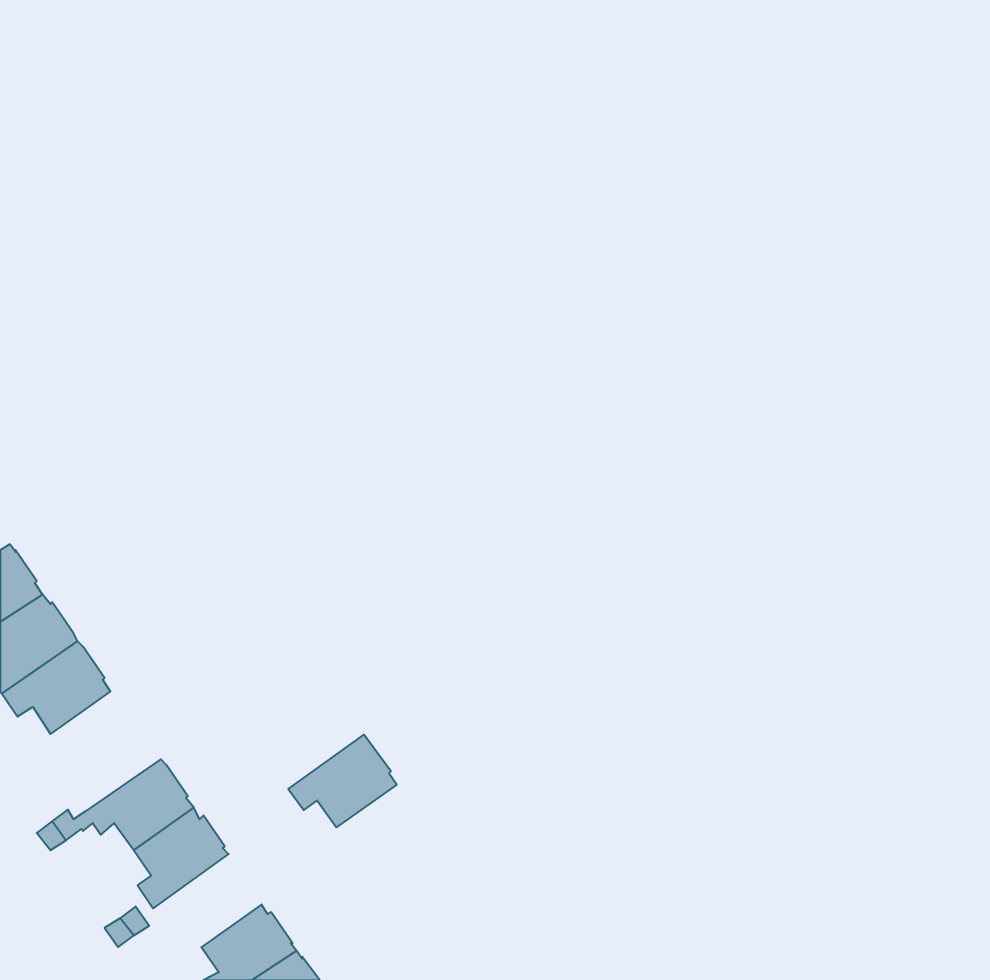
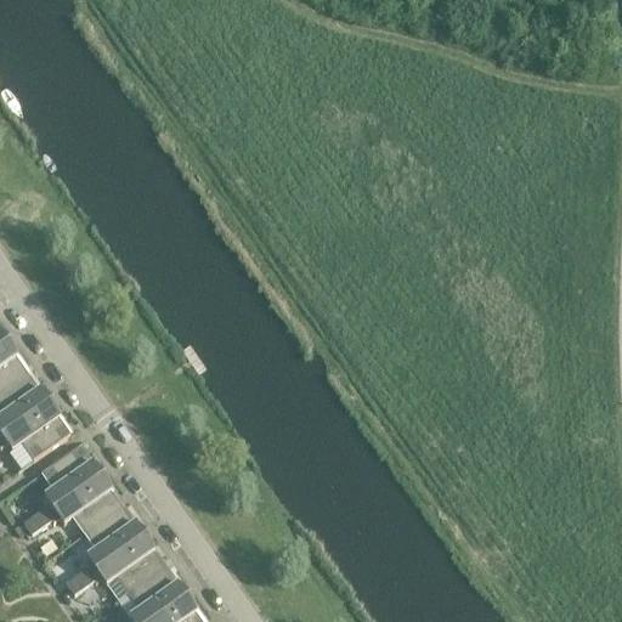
building: none -> [40,446,101,509]
building: [288,735,397,827] -> [96,536,164,594]

